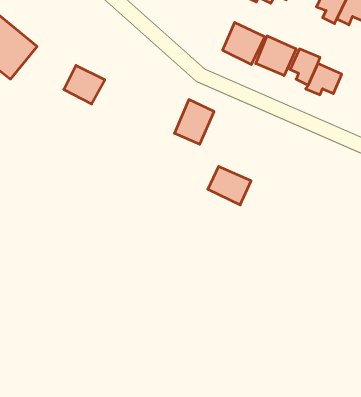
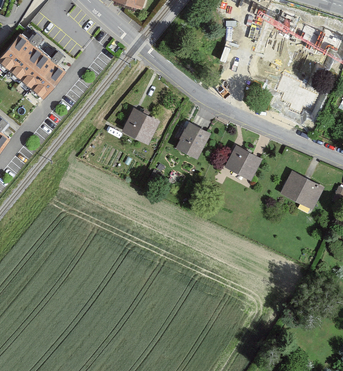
building: [256,36,296,76] -> none
building: [64,65,105,104] -> [126,105,160,137]
building: none -> [281,167,324,204]
building: [208,166,251,205] -> [226,141,262,173]

